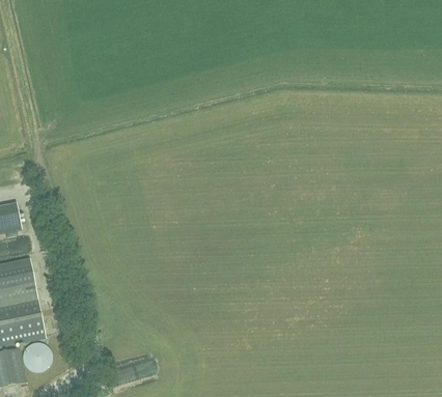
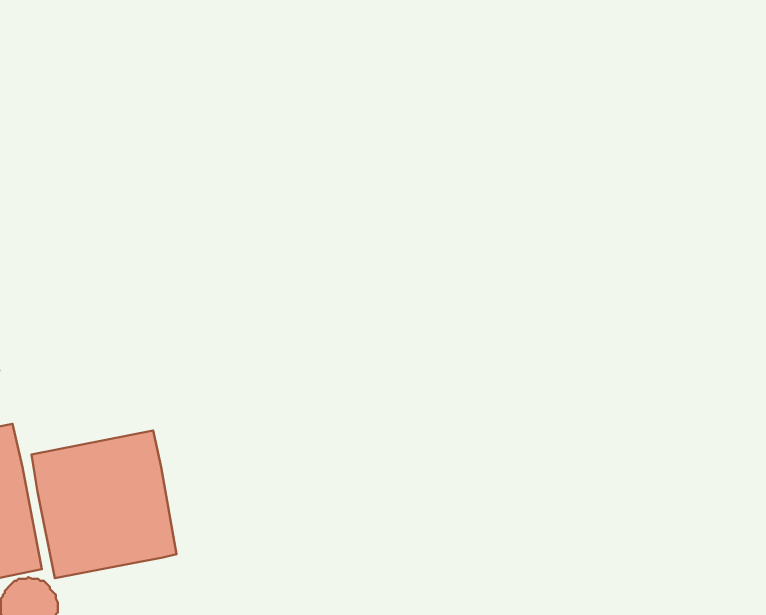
building: none -> [32,431,177,578]

